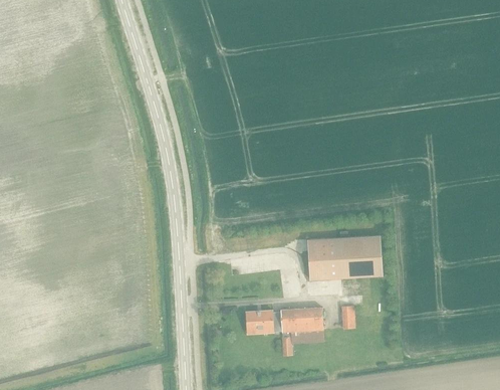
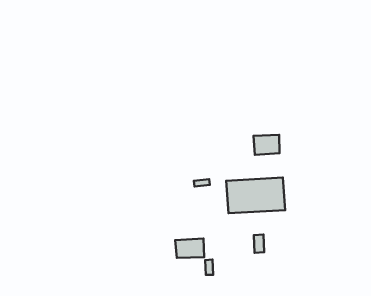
building: none -> [254,135,280,155]
building: [280,308,322,334] -> none

